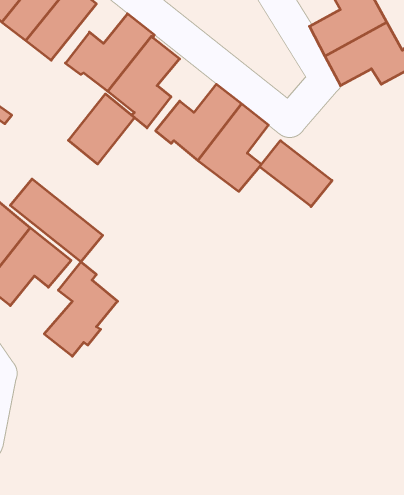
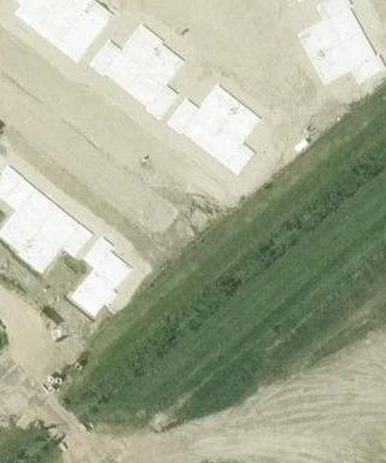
building: [68,94,134,164] -> none
building: [260,141,332,207] -> none
building: [10,179,103,262] -> none

